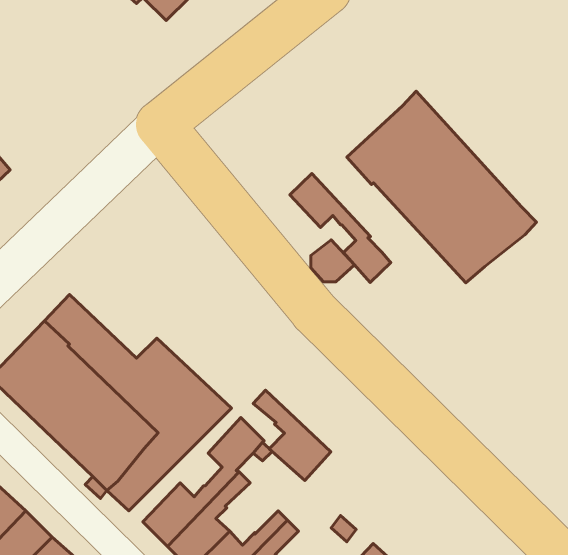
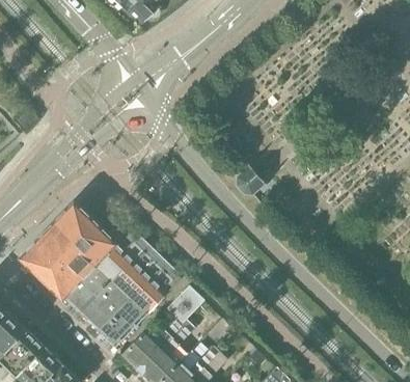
building: [347,91,537,283] -> none
building: [290,173,391,283] -> none
building: [253,390,331,480] -> none

